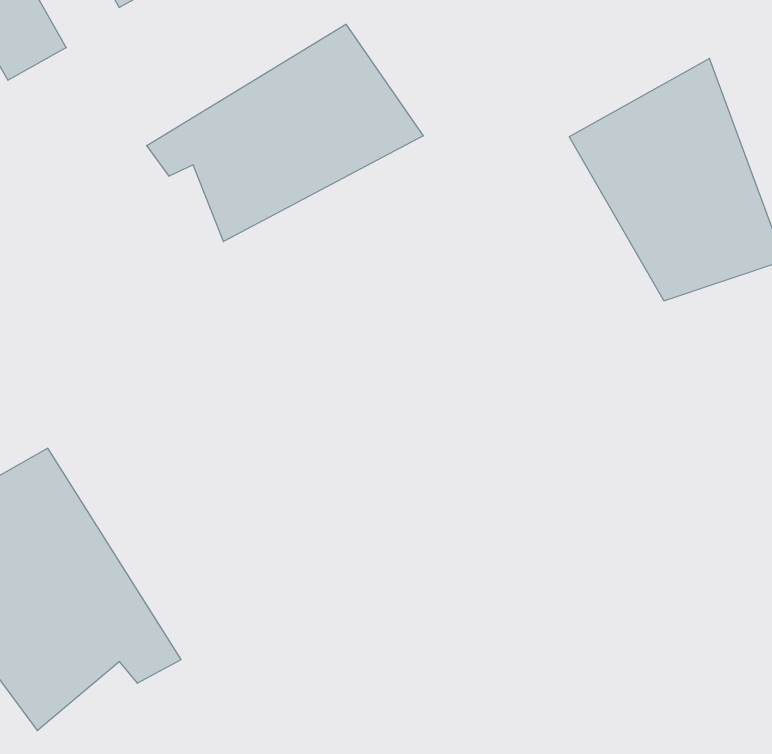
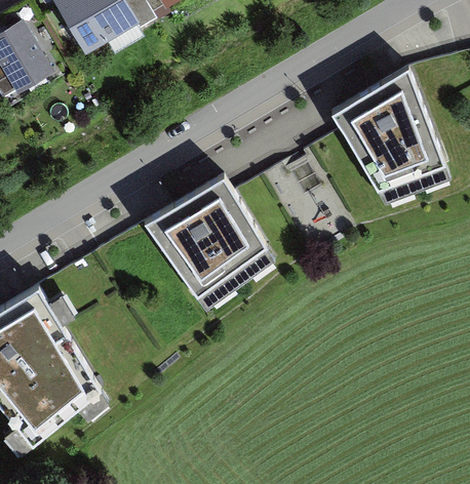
building: [147,24,423,242] -> none
building: none -> [152,176,280,313]

